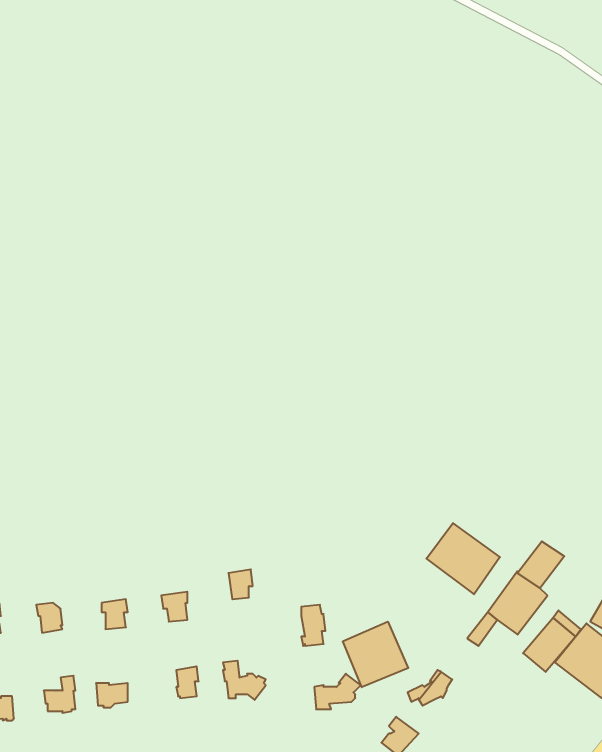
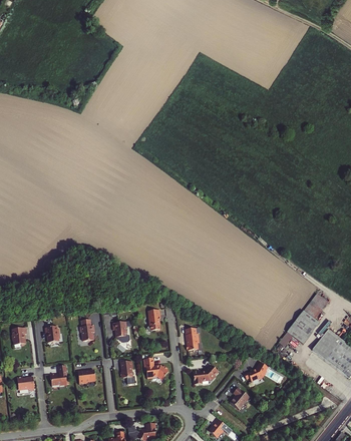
building: [426,523,500,594] -> none
building: [343,622,408,687] -> none

